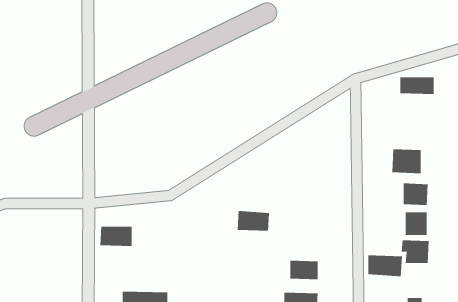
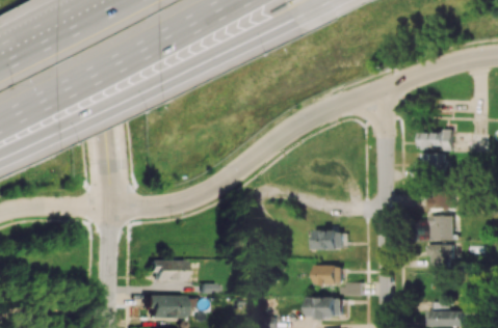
building: [400,77,435,94] -> [419,132,454,149]
building: [237,211,270,231] -> [313,229,346,250]
building: [100,226,133,247] -> [150,261,183,281]
building: [368,255,403,277] -> none

